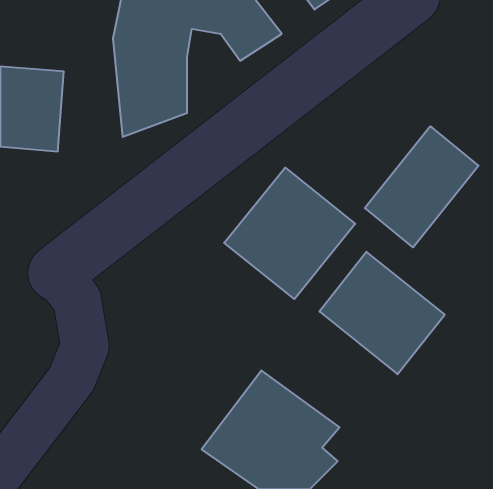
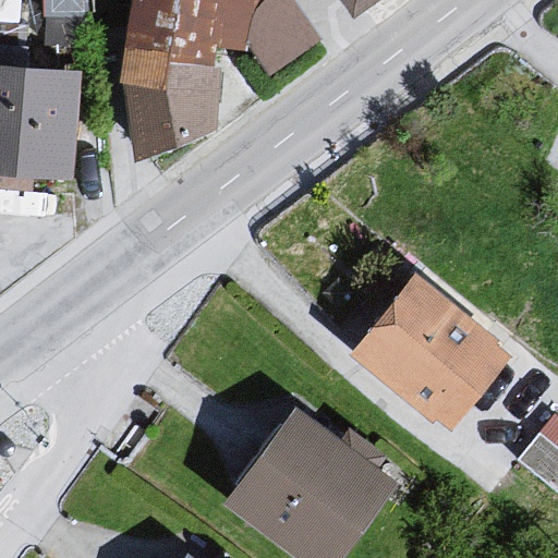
building: [365,126,479,247] -> none
building: [224,168,355,299] -> none

